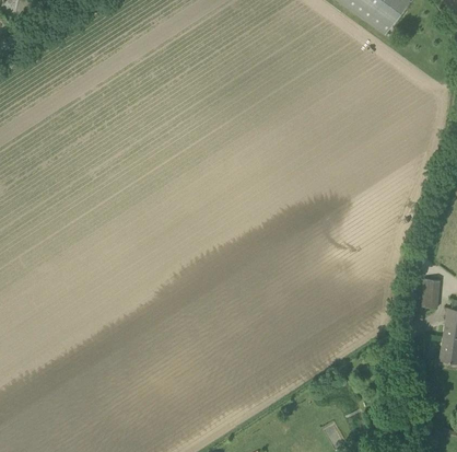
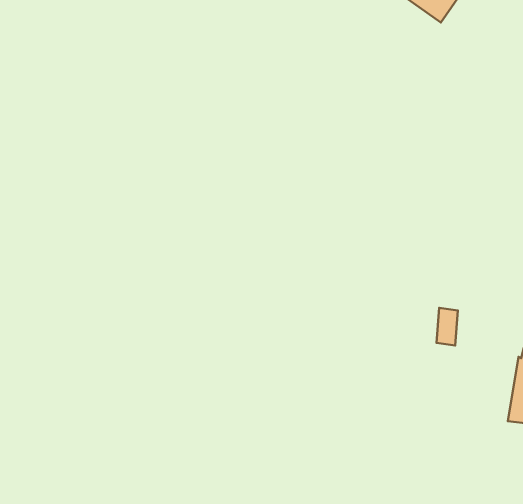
building: [422,278,440,309] -> [436,308,458,345]

